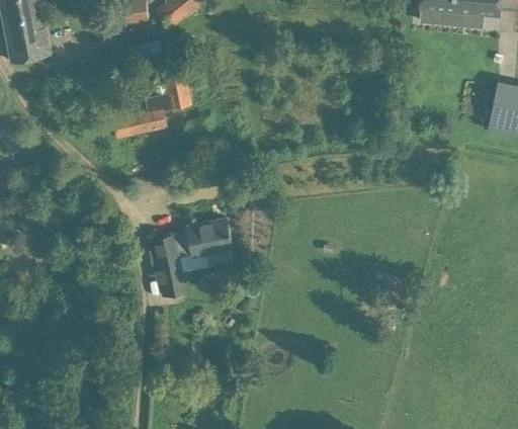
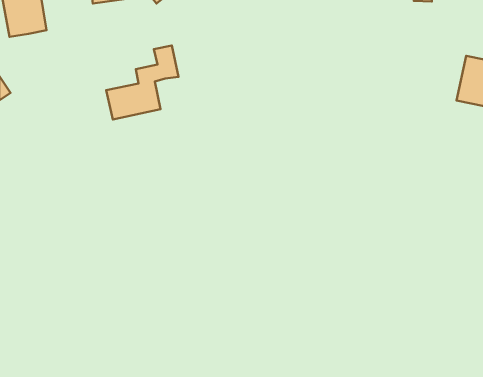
building: [154,219,232,293] -> none

